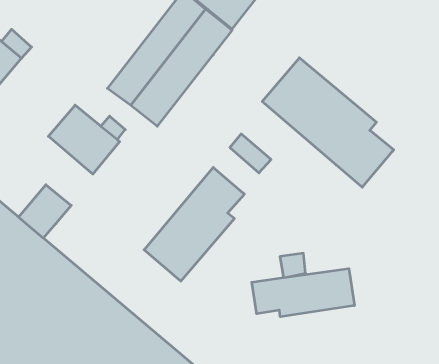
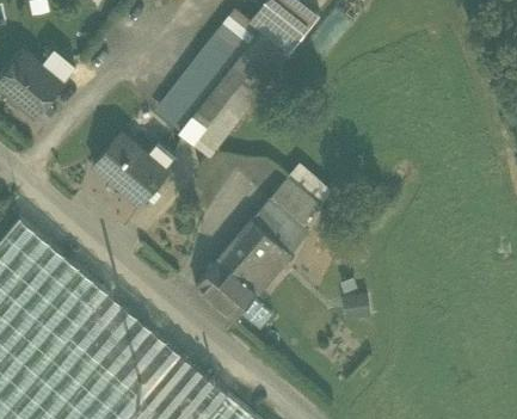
building: [262,58,394,187] -> none
building: none -> [267,179,316,228]
building: [19,185,71,238] -> none
building: [252,269,354,317] -> none

